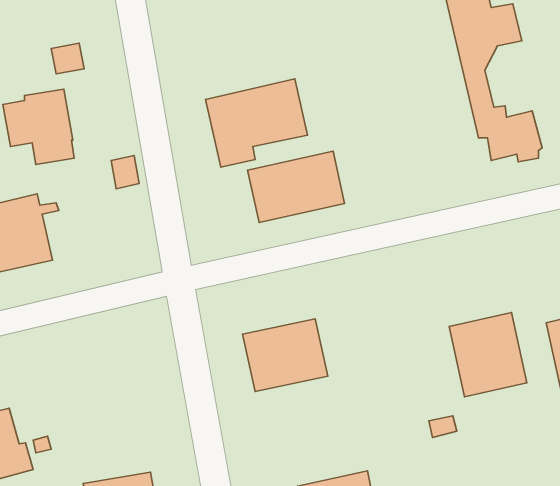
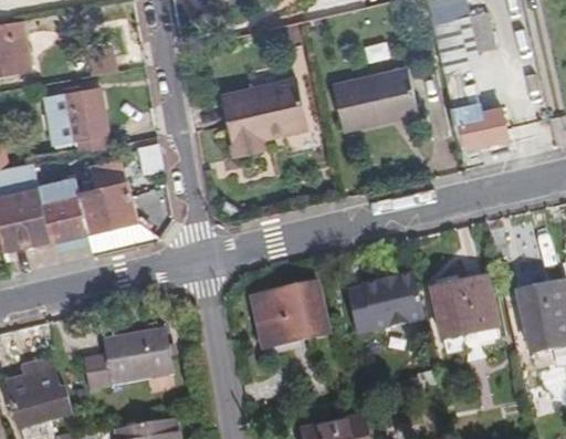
building: [248,151,345,223] -> [335,65,419,127]
building: none -> [80,163,161,257]
building: none -> [346,270,424,333]
building: none -> [81,328,171,389]

